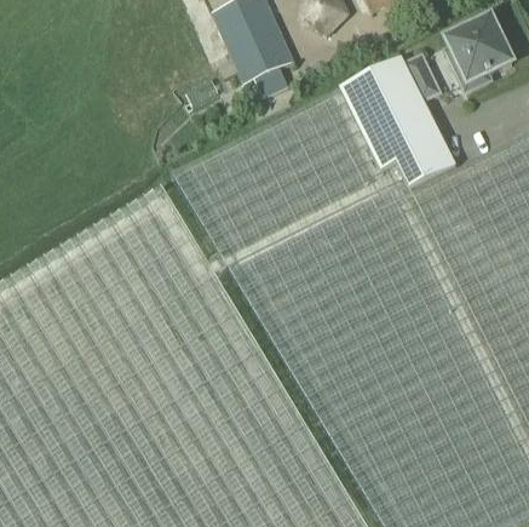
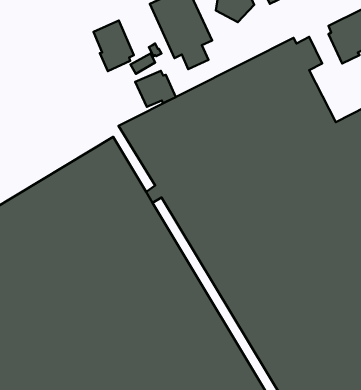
building: none -> [94,20,134,71]
building: none -> [135,71,176,107]

